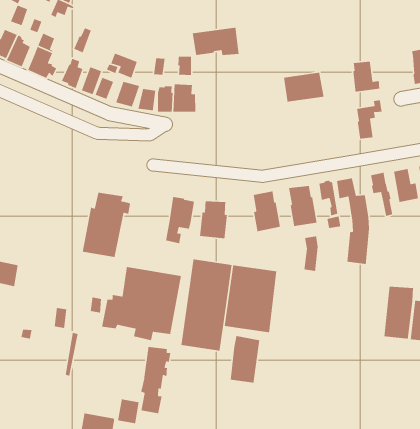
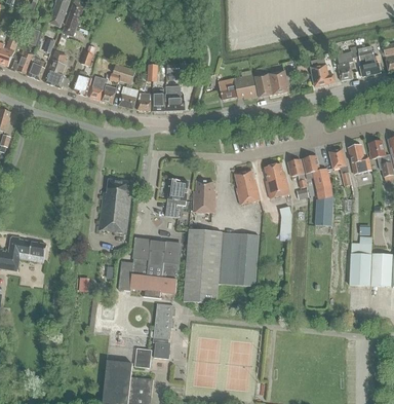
building: [192,27,239,56] -> [218,74,258,100]
building: [356,100,382,140] -> [337,46,358,80]
building: [230,335,260,383] -> none

